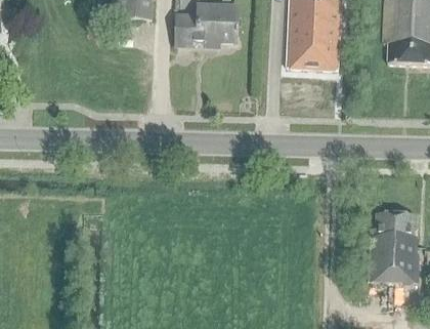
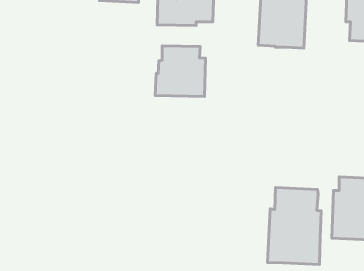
building: none -> [155,46,205,97]
building: none -> [268,187,321,265]

